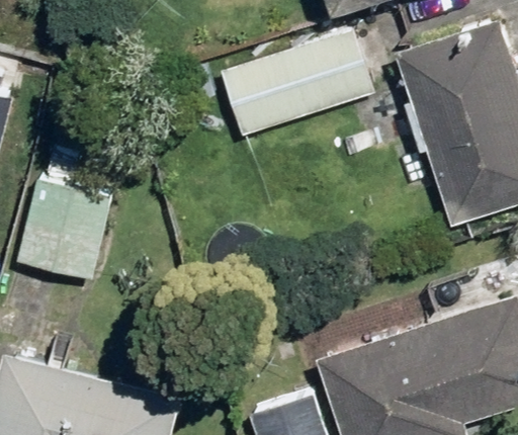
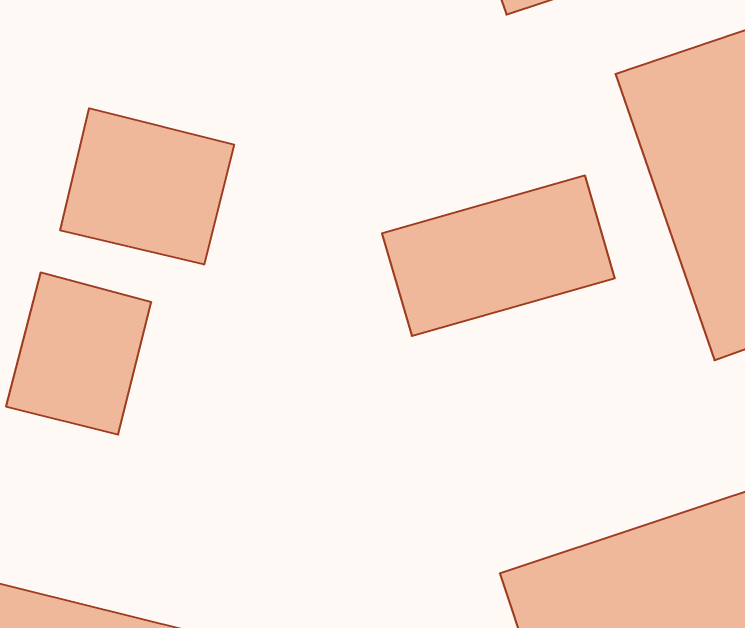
building: [226,33,368,132] -> [382,176,615,336]
building: none -> [60,108,234,265]

